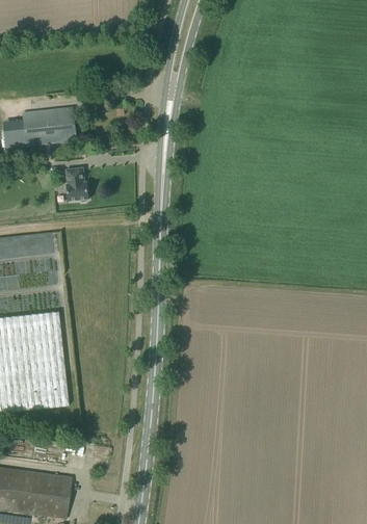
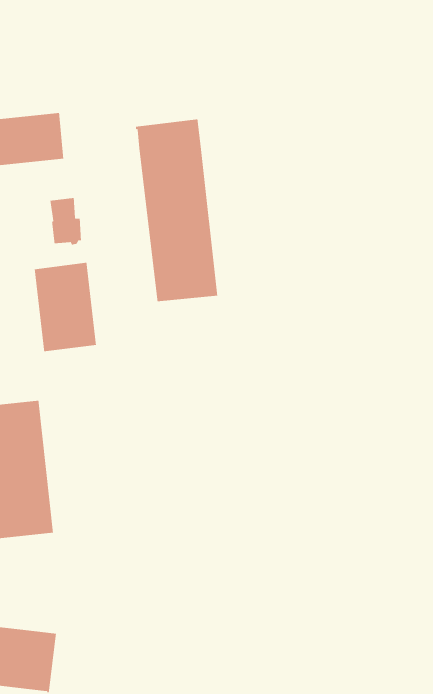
building: none -> [135,118,218,302]
building: none -> [34,262,97,352]

